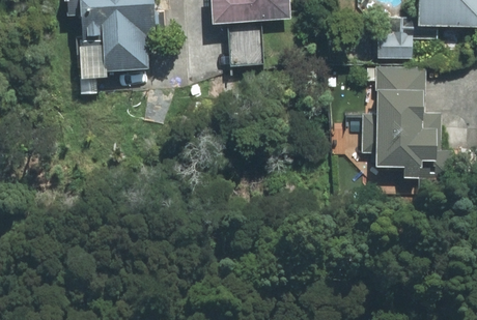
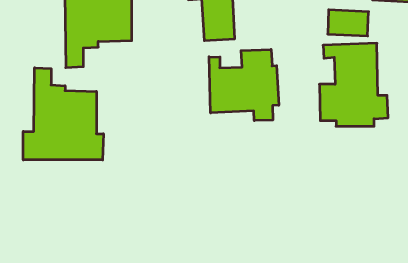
building: none -> [209,49,279,121]
building: none -> [23,68,103,160]

